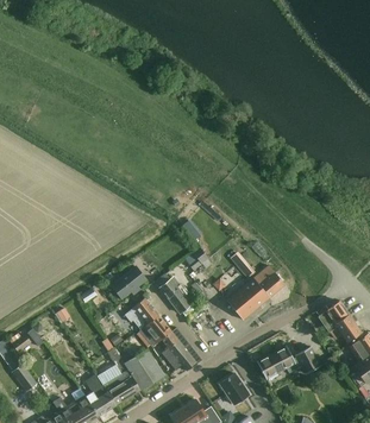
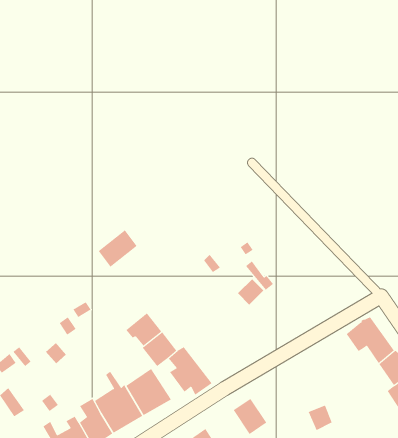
building: [111,266,145,299] -> [98,229,137,268]
building: [226,273,284,320] -> none
building: [157,278,193,314] -> none
building: [256,346,320,379] -> none

